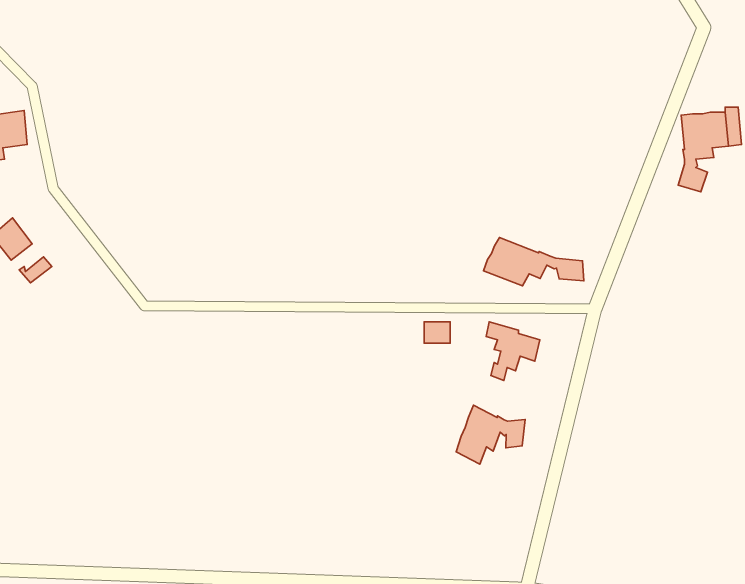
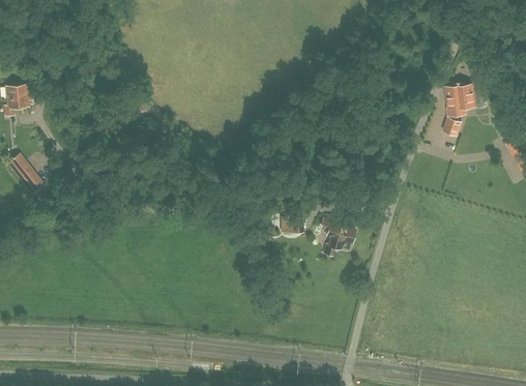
building: [483,238,584,286] -> none
building: [456,405,525,464] -> none

